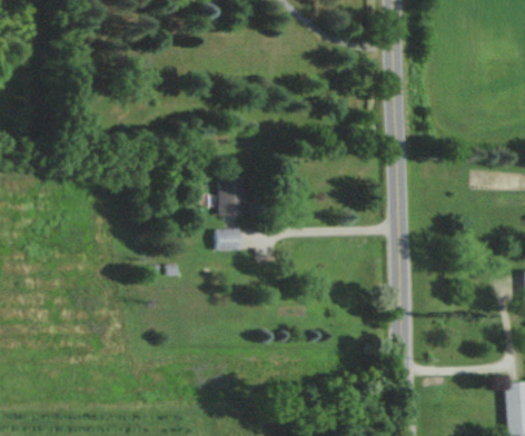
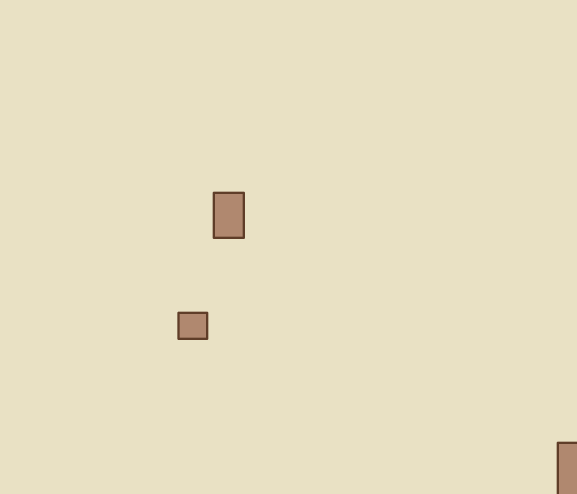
building: [219,228,242,249] -> [179,313,207,339]

